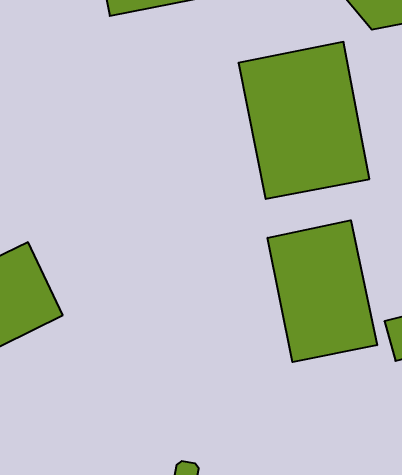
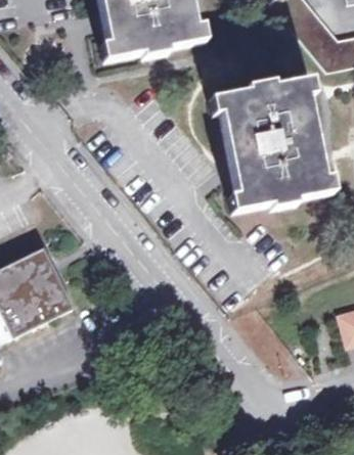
building: [268,220,377,362] -> none

